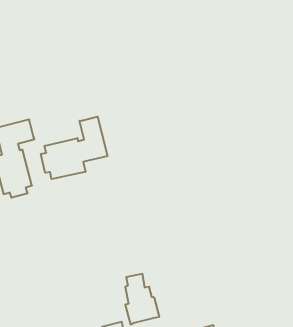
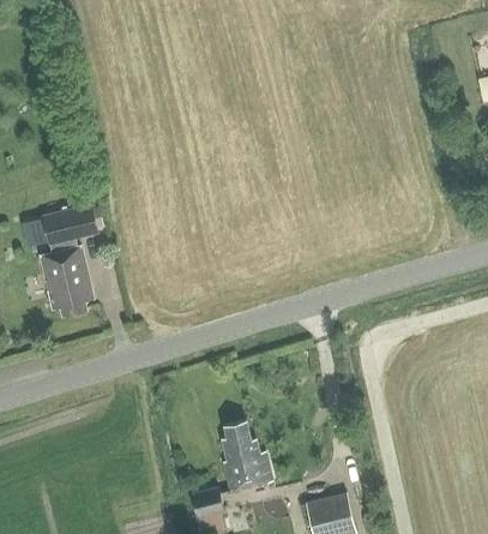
building: [41,117,107,179] -> none

